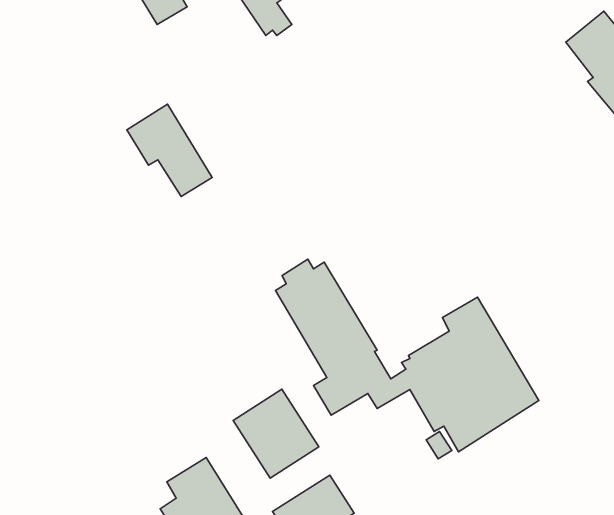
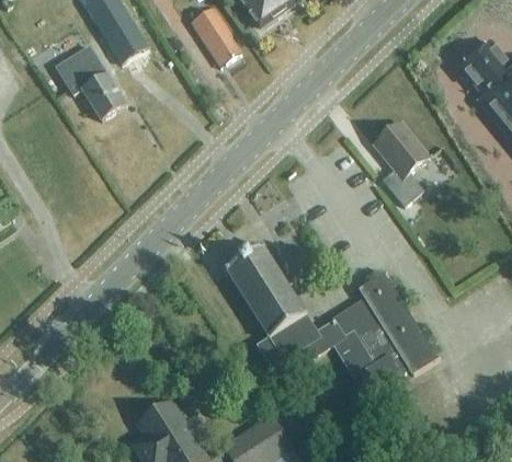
building: [127,104,212,196] -> [57,42,126,116]
building: none -> [374,119,430,204]
building: [233,389,319,478] -> none

